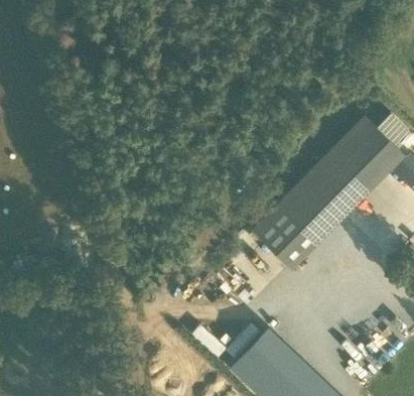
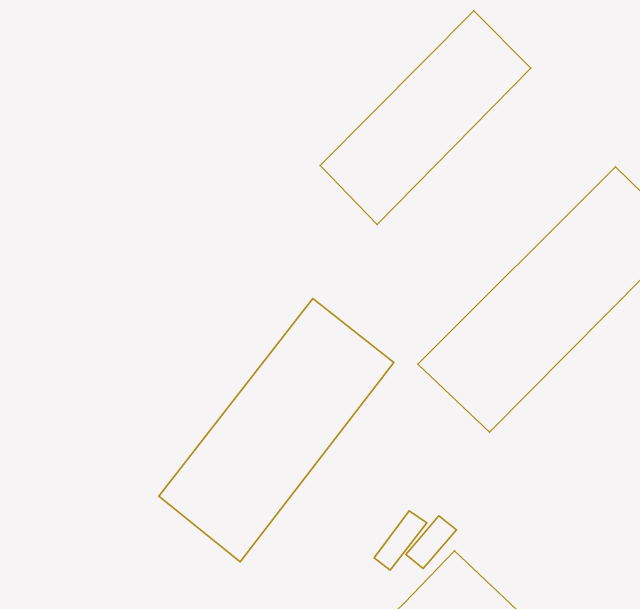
building: none -> [320,11,531,224]
building: none -> [159,298,394,562]

